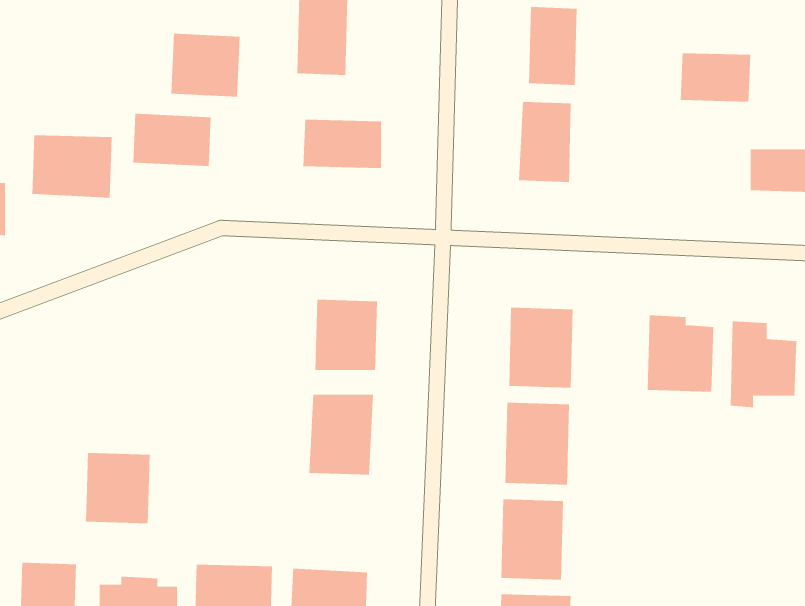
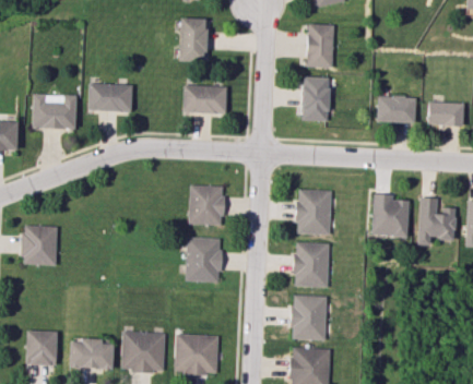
building: [171,33,240,98] -> none
building: [680,53,751,102] -> [378,96,417,123]
building: [85,453,150,524] -> [22,226,58,265]

